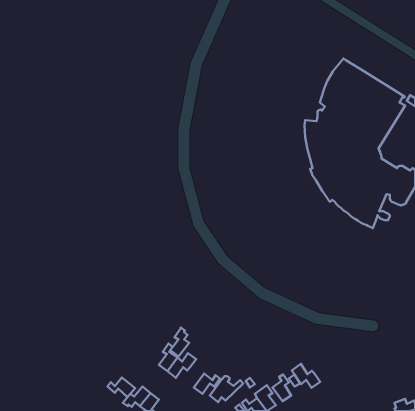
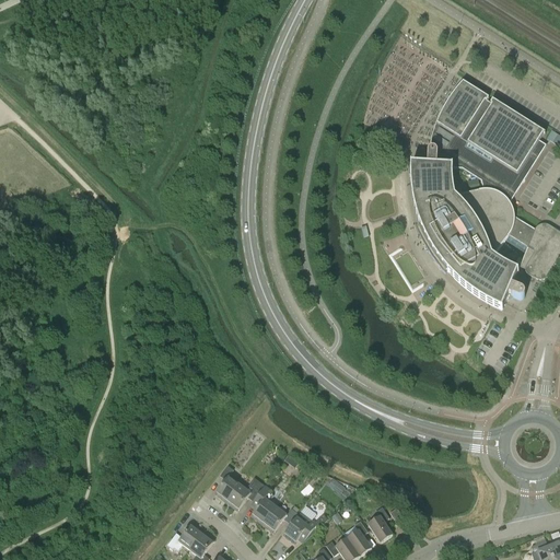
building: [170,327,189,357] -> [249,482,275,522]
building: [292,364,320,388] -> none
building: [107,377,135,397] -> none

